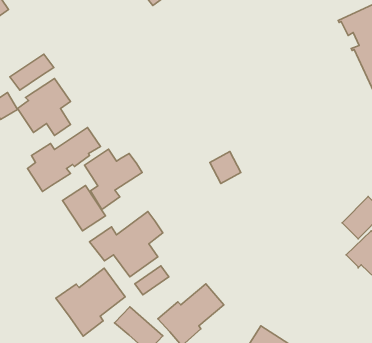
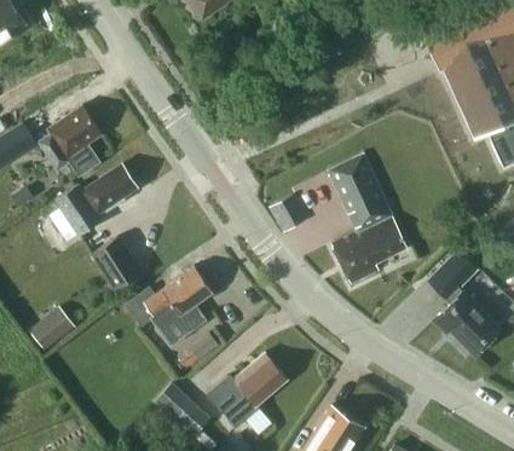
building: [10,54,54,90] -> none
building: none -> [328,155,408,285]
building: [84,149,142,210] -> none
building: none -> [29,306,77,351]
building: [56,268,125,336] -> none

